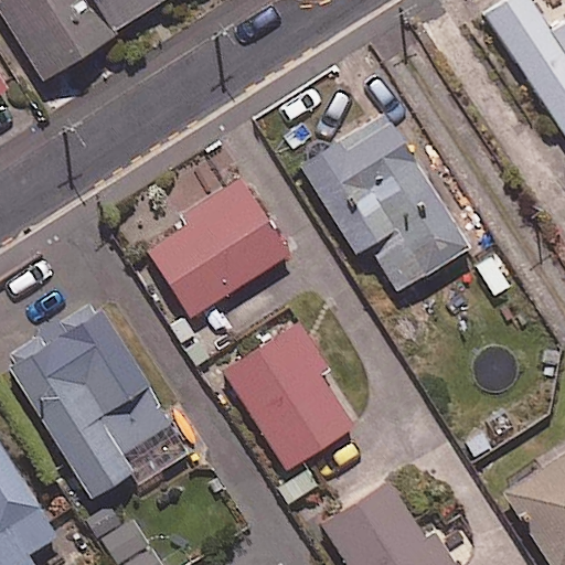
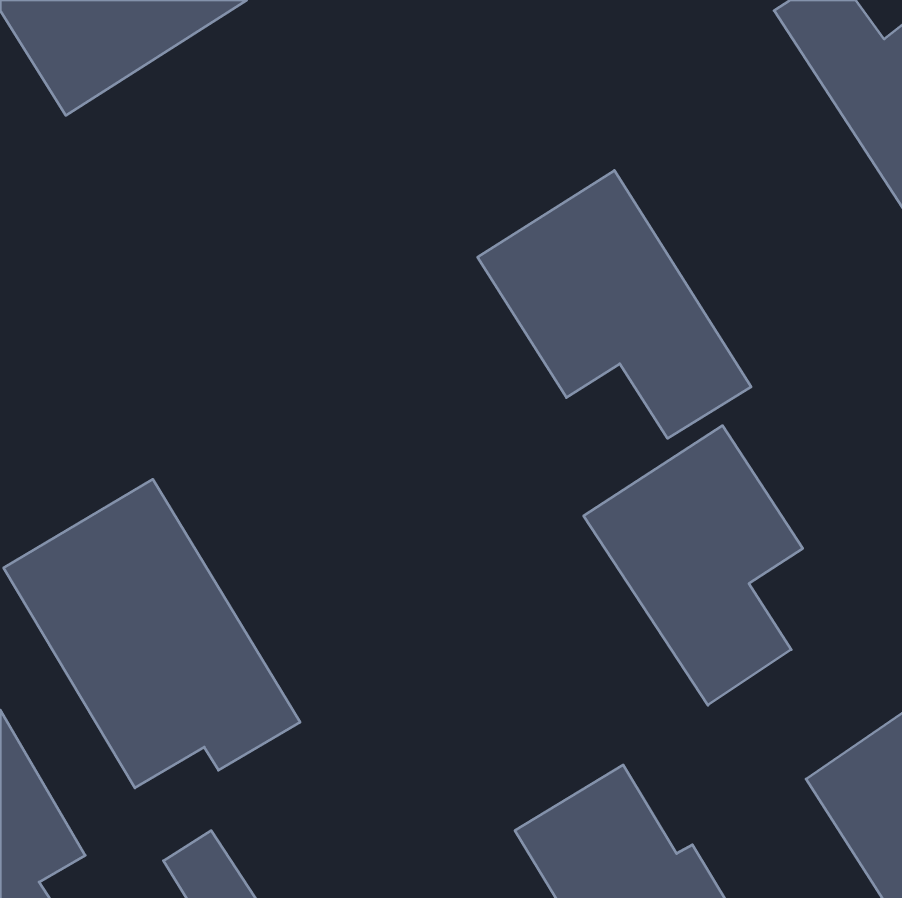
building: [148,180,289,318] -> none
building: none -> [584,426,803,705]
building: [218,320,354,471] -> none

